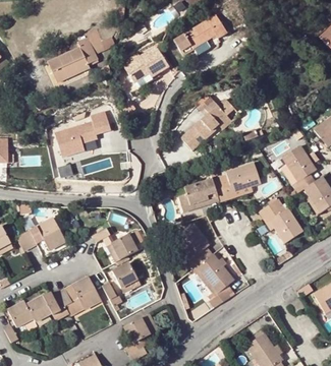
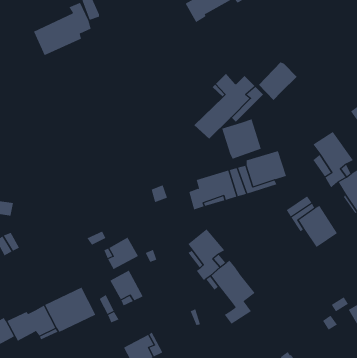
building: [123,45,168,81] -> none
building: none -> [258,62,298,101]
building: [57,111,113,158] -> none
building: none -> [221,118,261,159]
building: [37,218,65,249] -> none

